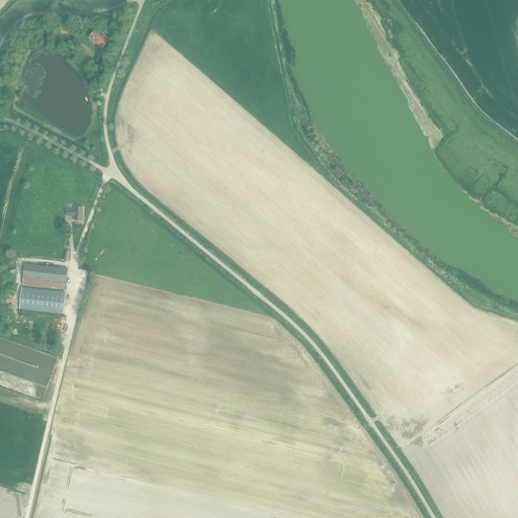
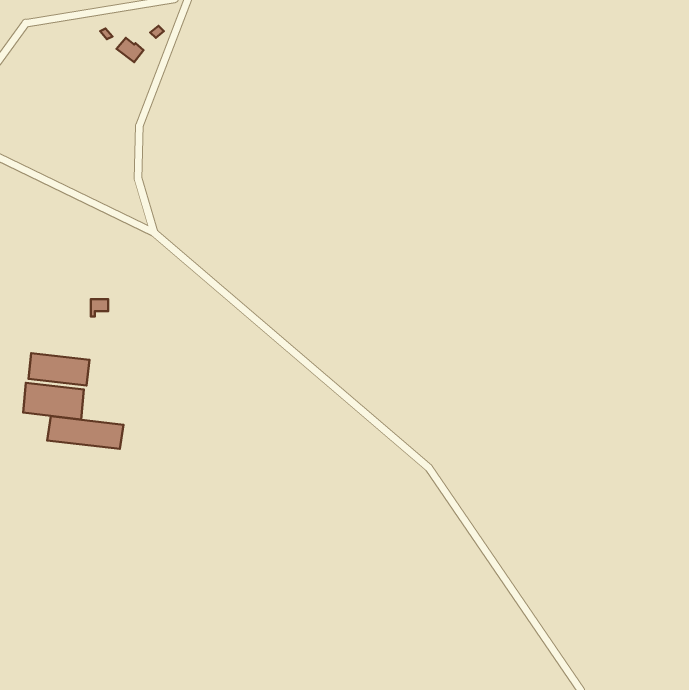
building: none -> [47,416,124,449]

